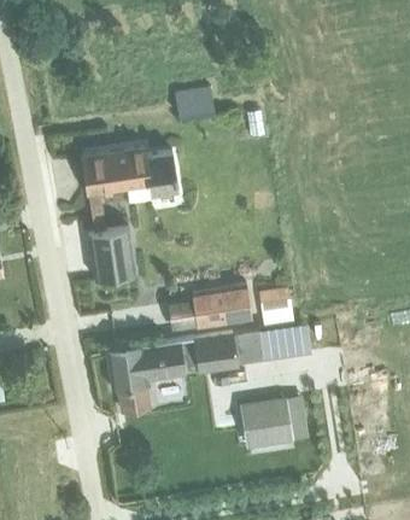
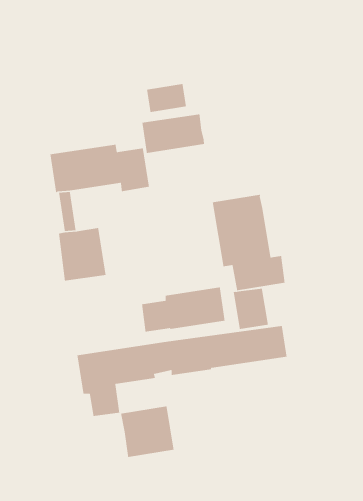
building: none -> [141,114,205,154]
building: none -> [212,194,286,291]
building: [240,398,293,449] -> [120,406,175,458]

